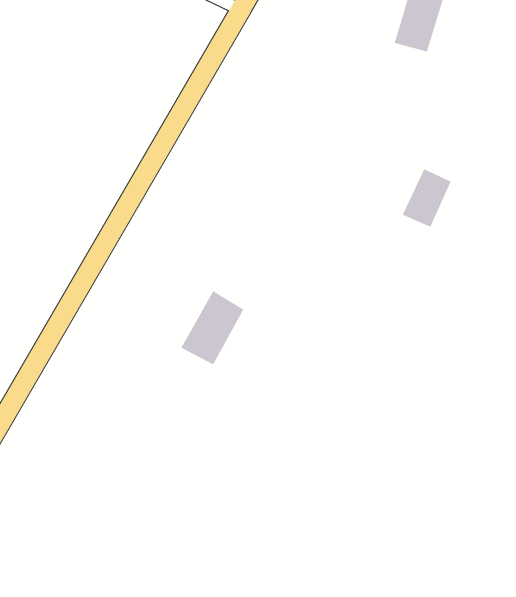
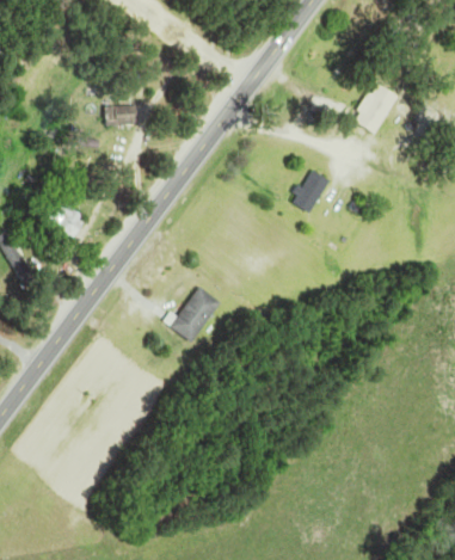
building: none -> [105,105,135,124]
building: [402,168,451,228] -> [291,167,331,211]

